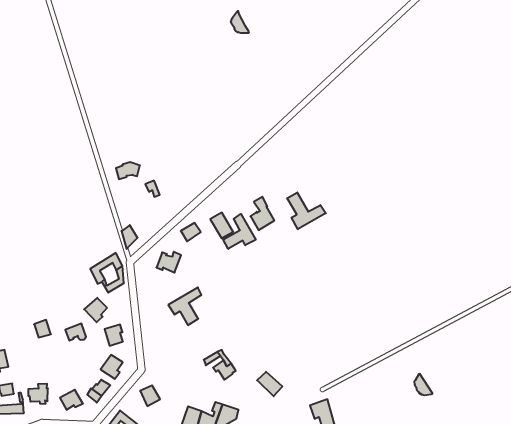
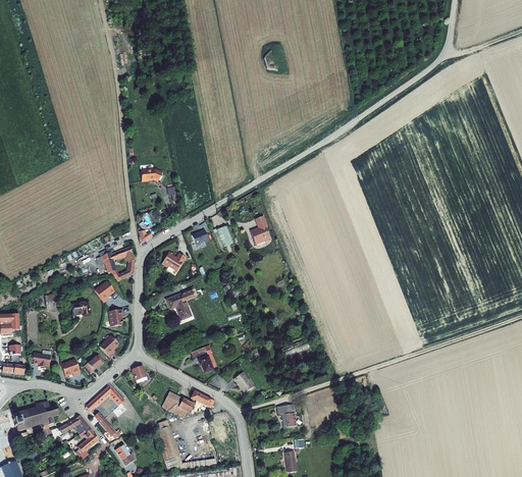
building: [287,192,326,229] -> none
building: [223,214,256,249] -> none

